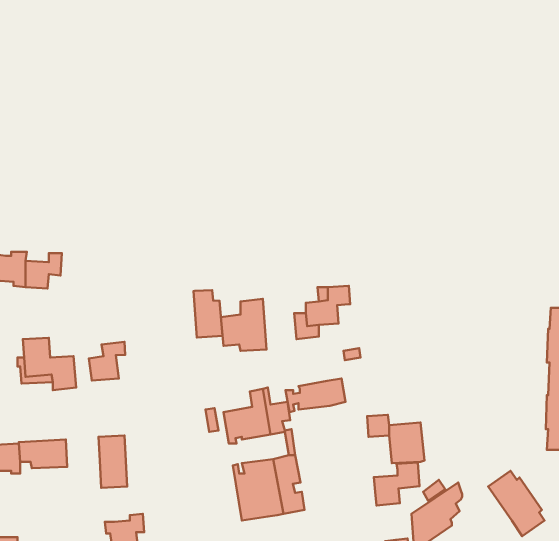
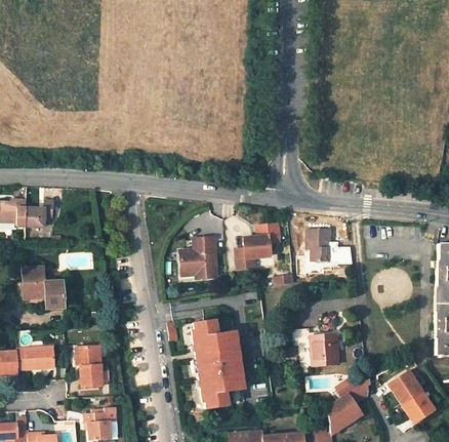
building: none -> [307,227,338,259]
building: [194,290,223,338] -> none
building: [89,342,125,380] -> none
building: [285,378,345,412] -> [185,340,232,367]
building: [374,463,420,506] -> none

